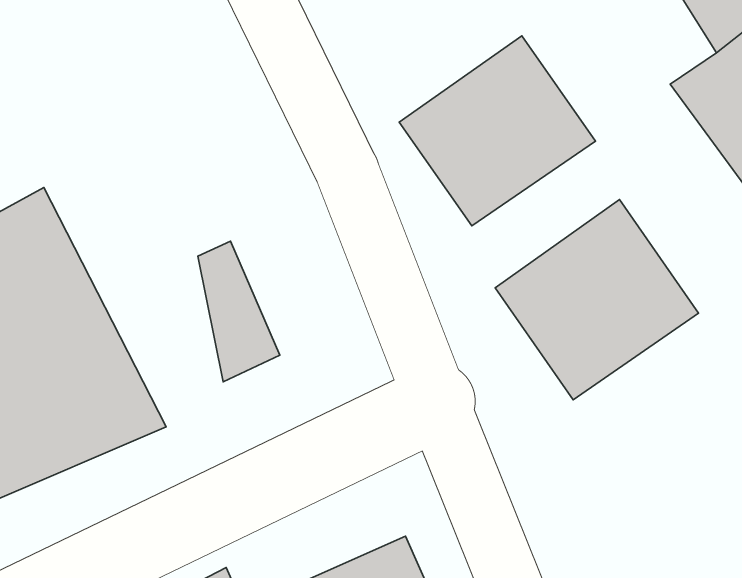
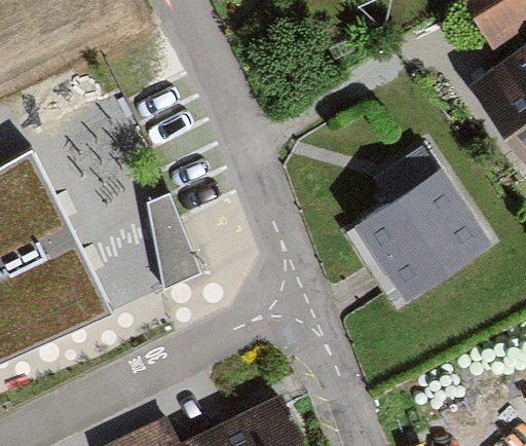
building: [399,36,595,226] -> none

